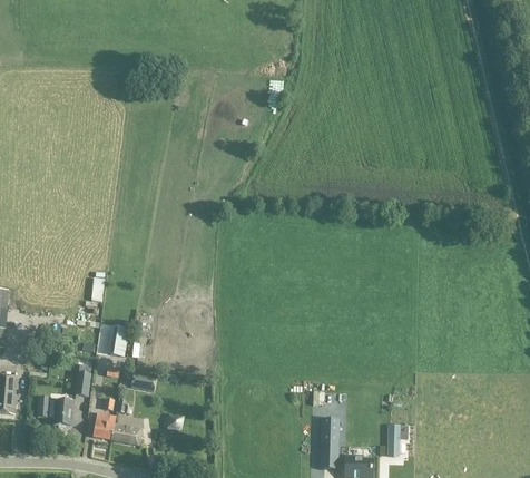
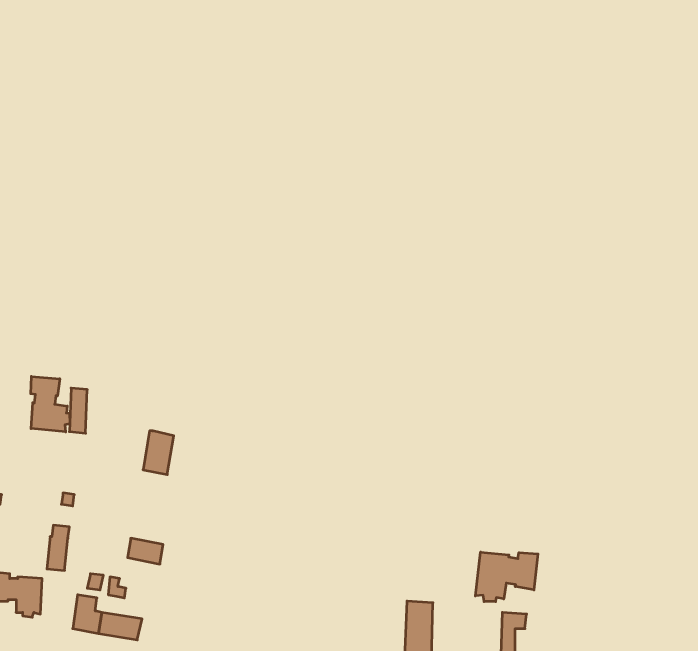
building: none -> [31,376,70,432]
building: [106,325,127,355] -> [143,431,174,475]
building: none -> [475,552,538,602]

